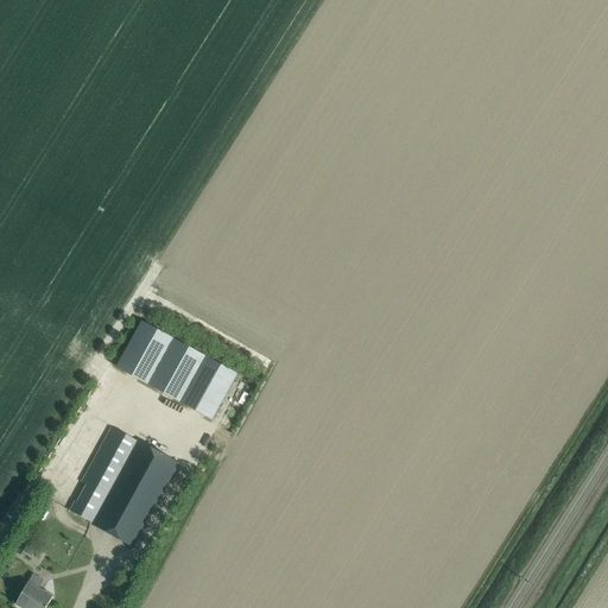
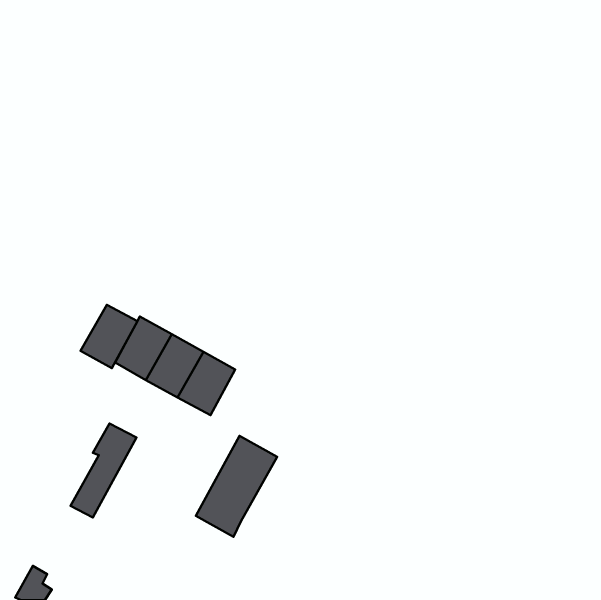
building: none -> [81,305,137,368]
building: [94,442,176,544] -> [196,436,277,537]

